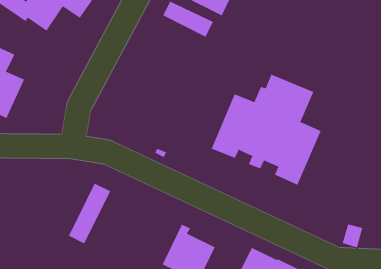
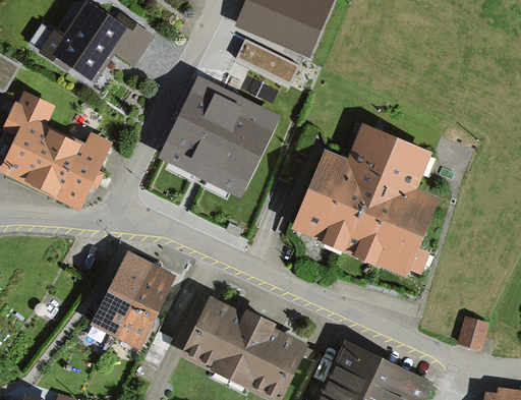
building: none -> [165,79,276,183]
building: none -> [41,134,107,204]
building: none -> [95,255,150,333]
building: none -> [184,302,258,368]

